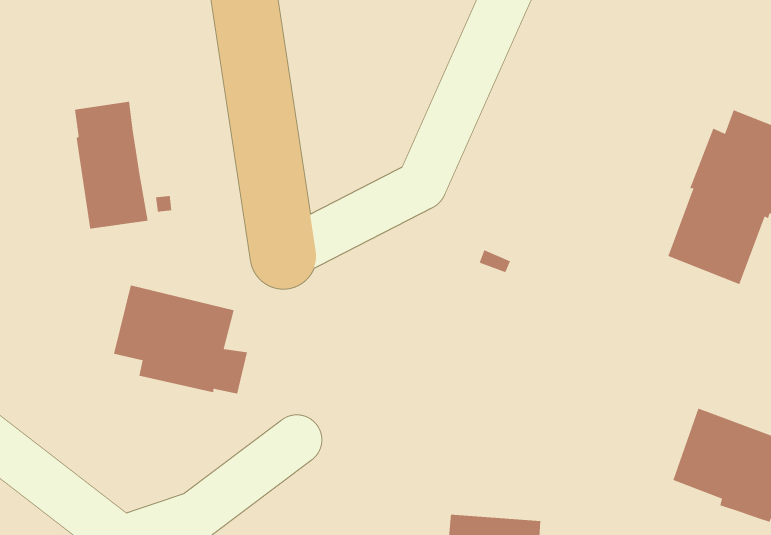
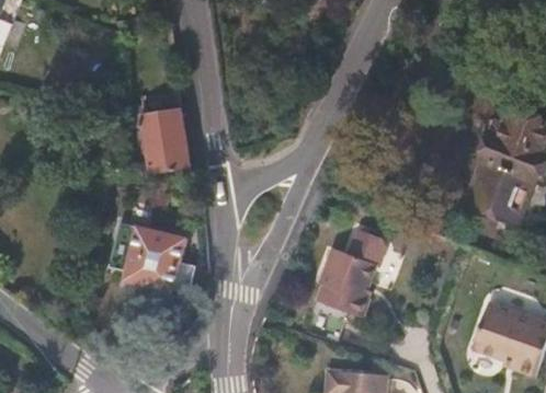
building: [74,101,148,229] -> [141,91,190,174]
building: none -> [316,229,386,316]

